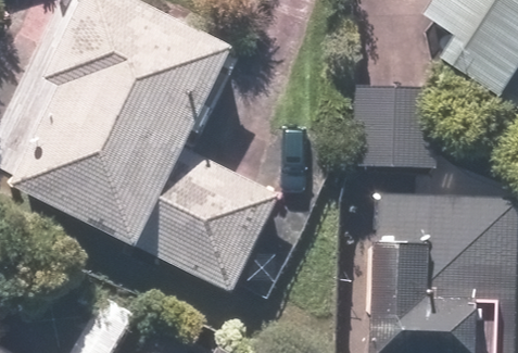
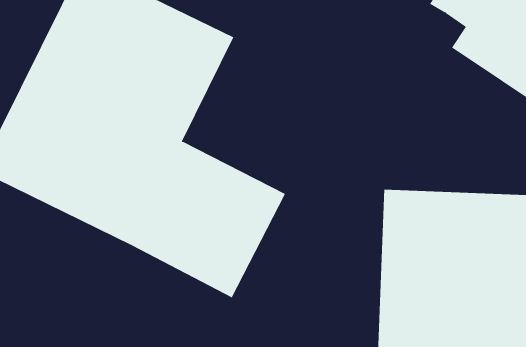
building: [350,85,437,168] -> none

